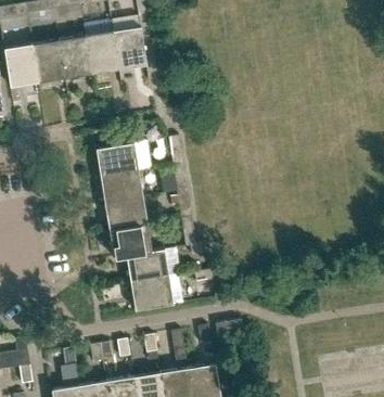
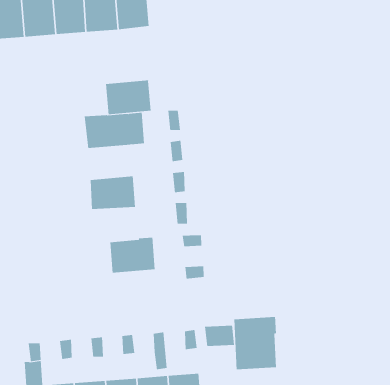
building: [100,169,142,203] -> [105,80,151,115]
building: [107,223,151,258] -> none
building: [130,277,172,310] -> none
building: none -> [234,316,276,370]

